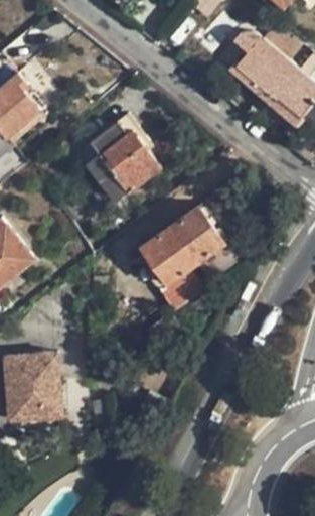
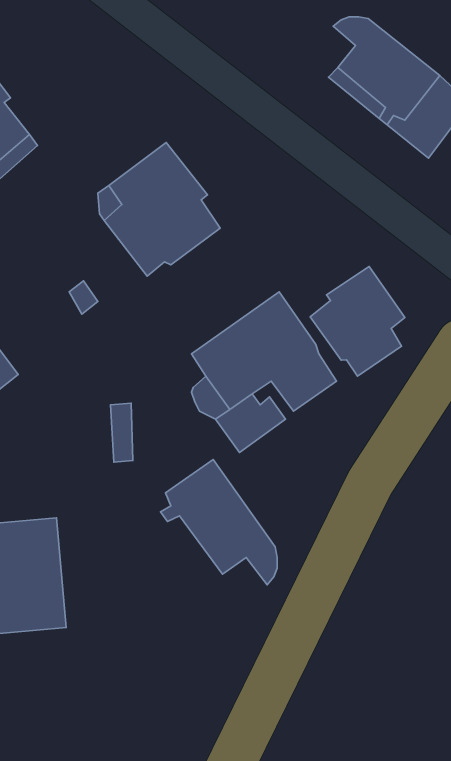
building: none -> [310,267,405,376]
building: none -> [161,460,277,585]

